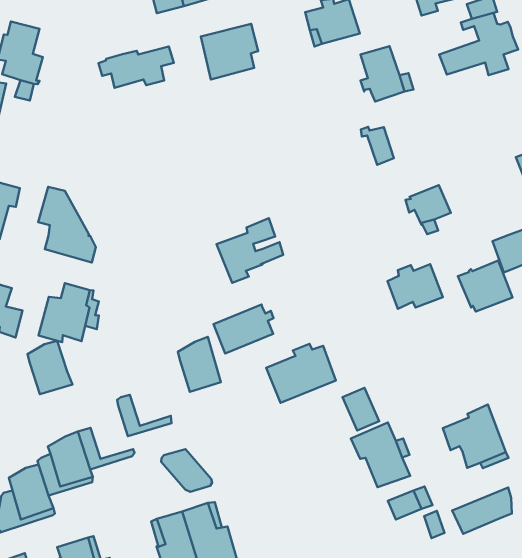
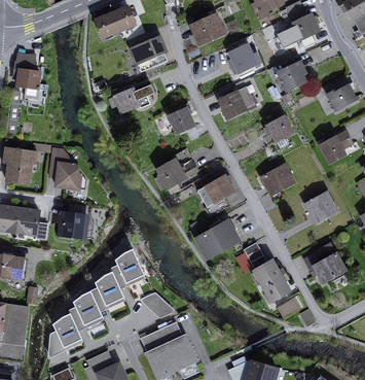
building: [99,46,174,88] -> [110,83,154,112]
building: none -> [270,58,303,90]
building: none -> [219,90,245,117]
building: none -> [169,104,193,133]
building: [458,261,513,312] -> [303,191,337,222]
building: [213,304,273,354] -> [196,175,232,207]
building: [178,337,221,392] -> [115,248,143,282]
building: [28,341,72,394] -> [95,272,123,305]
building: [452,488,512,534] -> none

